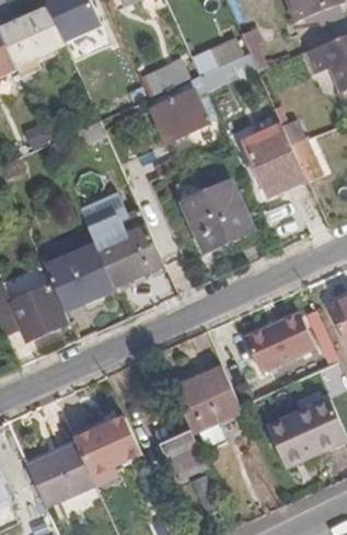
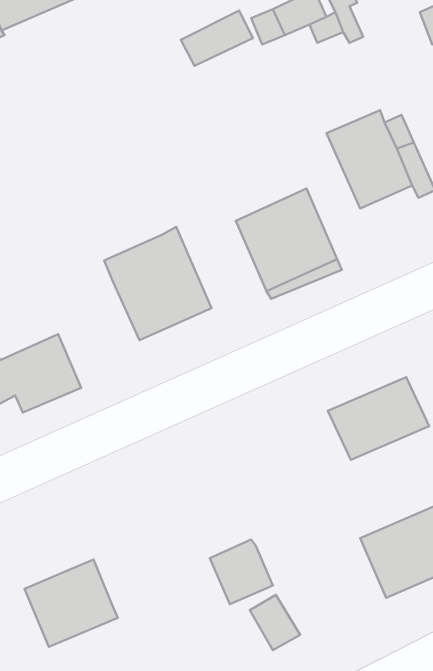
building: [149,88,208,140] -> none
building: [77,191,127,230] -> none
building: [47,245,112,307] -> none
building: [174,369,243,433] -> none
building: [76,418,141,475] -> none

